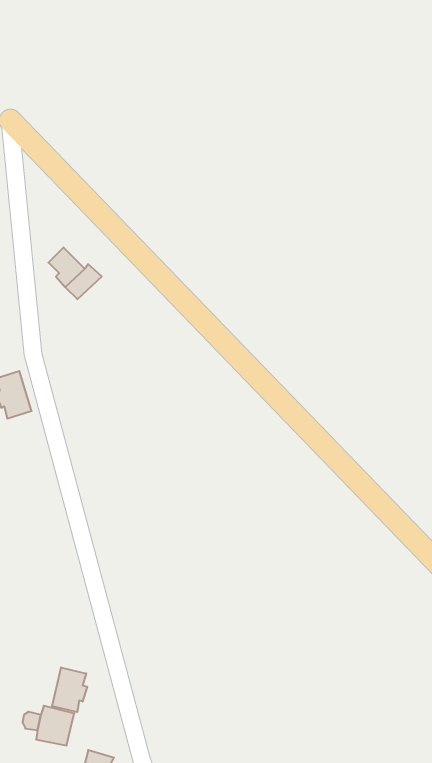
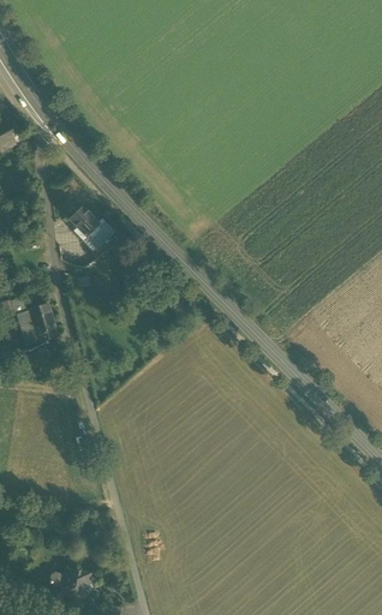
building: [52,667,87,712] -> none

